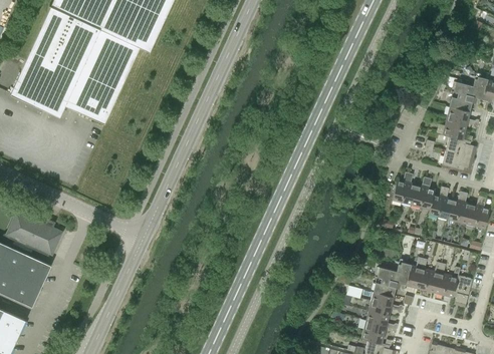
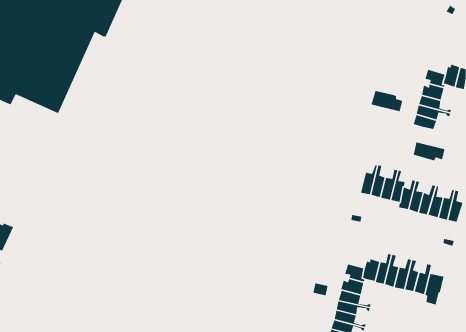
building: [445,136,476,157] -> [371,90,403,112]

